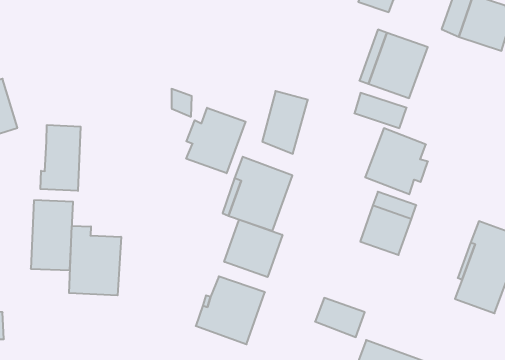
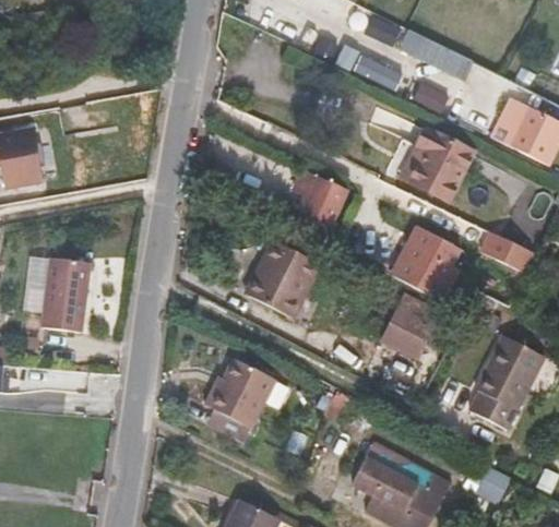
building: [354,93,407,128] -> [479,229,533,270]
building: [186,108,246,173] -> none
building: [40,125,81,191] -> none
building: [224,220,282,277] -> none
building: [69,226,121,295] -> none

